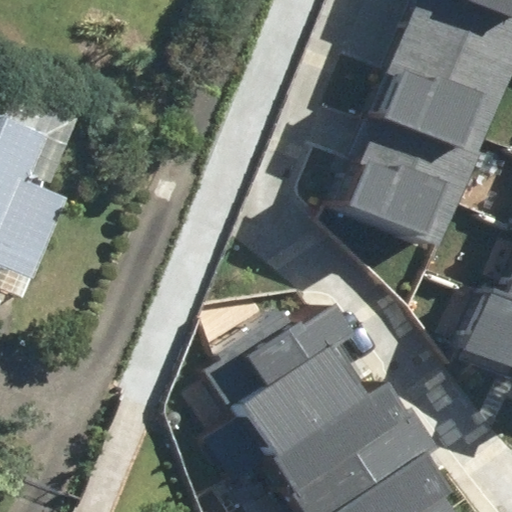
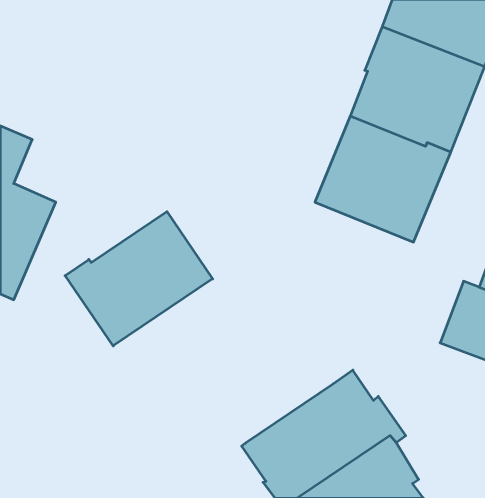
building: none -> [65,212,213,346]
building: [209,302,356,454] -> none

